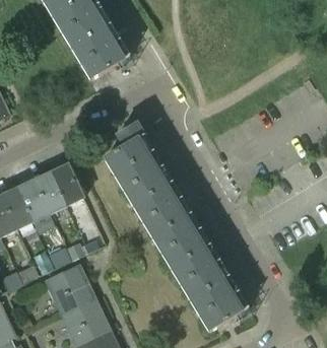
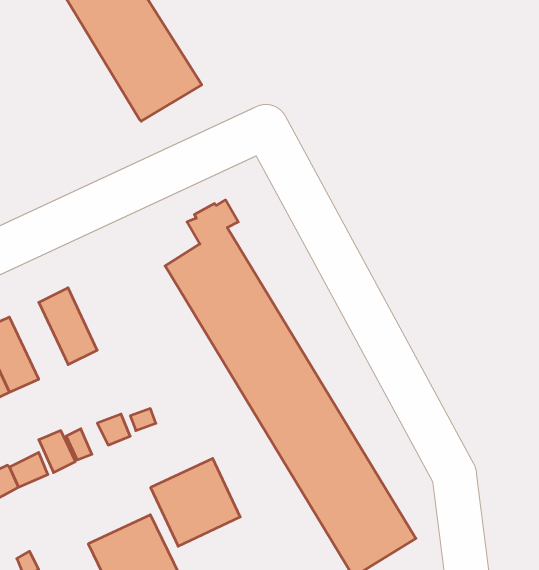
building: [50,163,83,206] -> none
building: [17,180,50,222] -> none
building: [46,265,95,314] -> [151,458,240,546]

